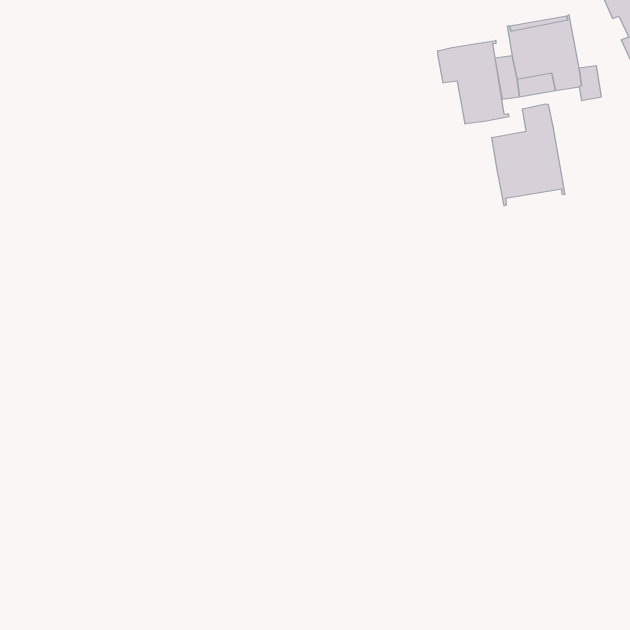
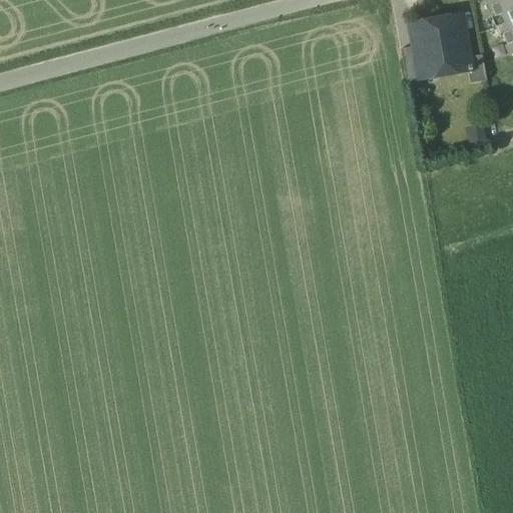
building: [438,40,509,124] -> none
building: [492,104,565,206] -> none

